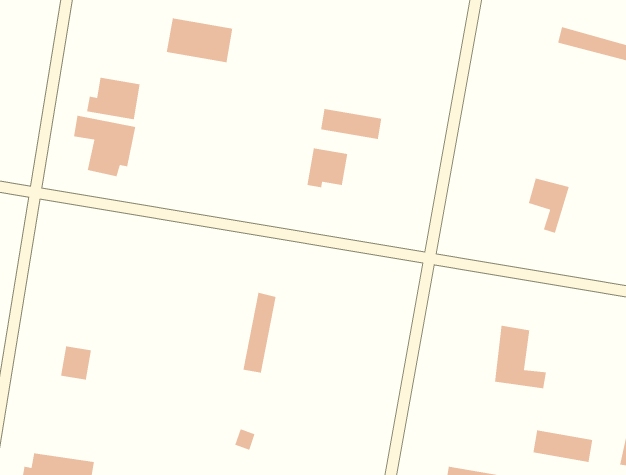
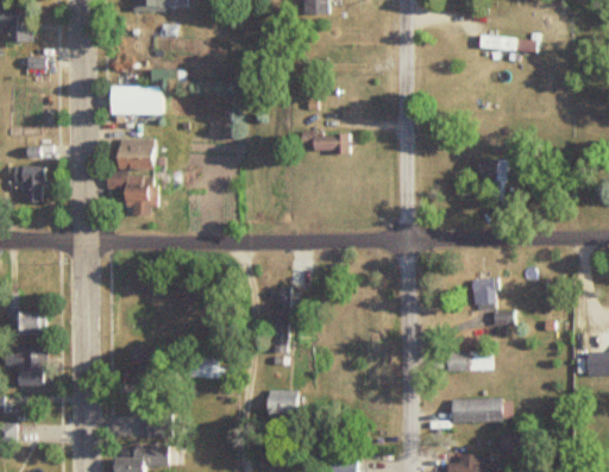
building: [166,18,233,63] -> [109,84,159,113]
building: [307,148,348,188] -> none
building: none -> [190,354,226,378]
building: [532,430,593,463] -> [446,351,492,370]

